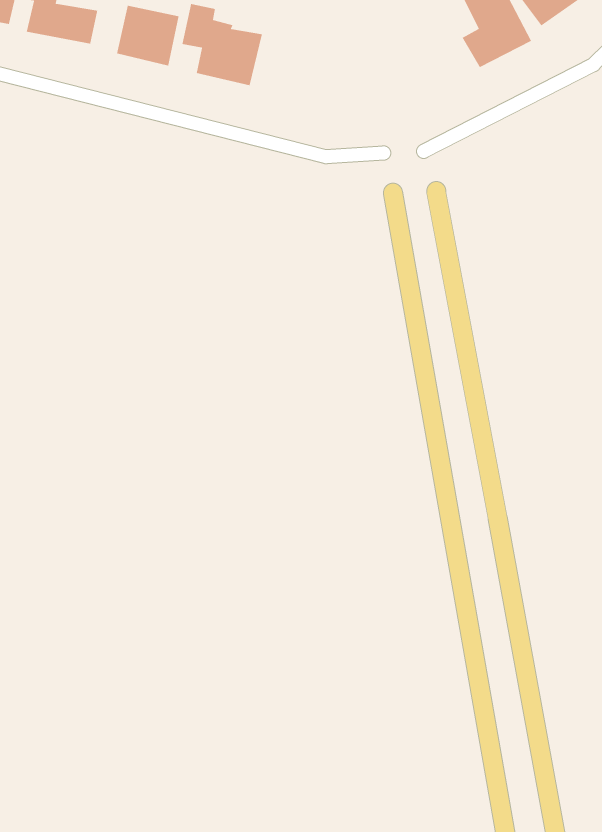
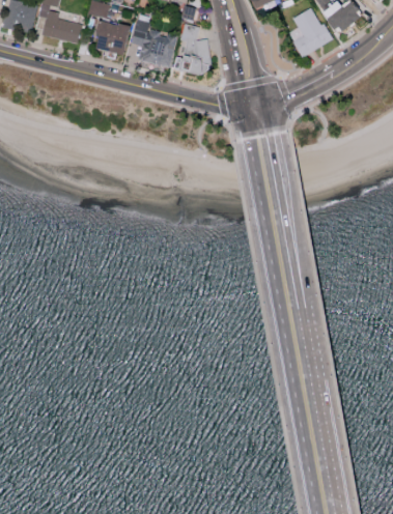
building: none -> [173,23,212,73]

